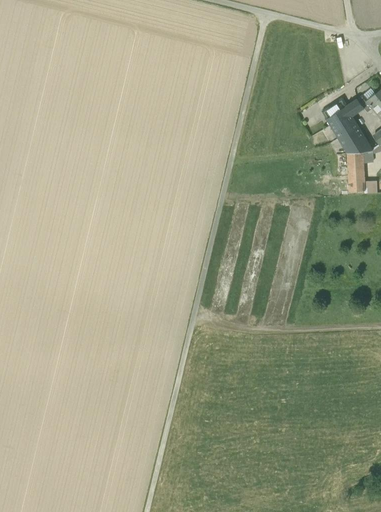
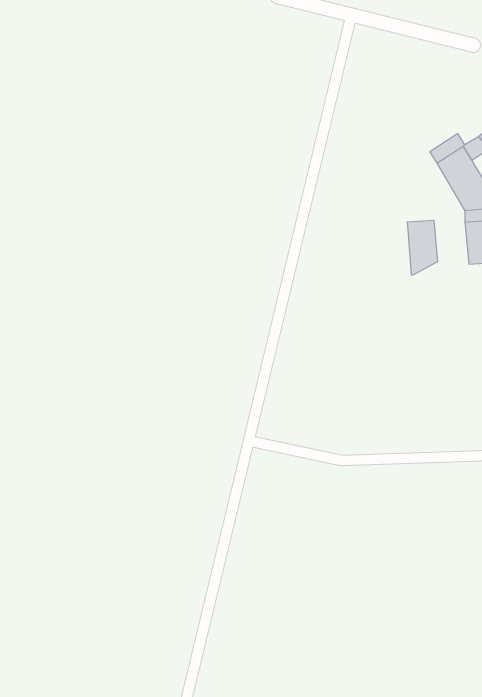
building: none -> [407,220,437,275]

